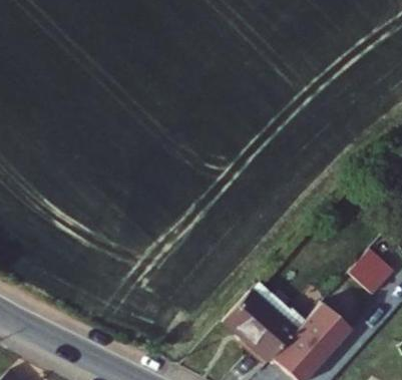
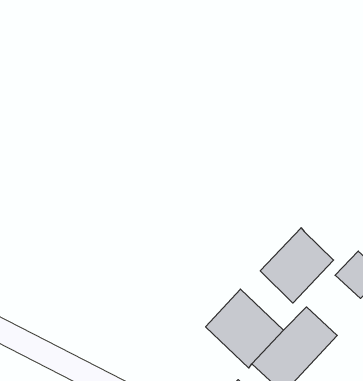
building: none -> [260,228,334,303]

